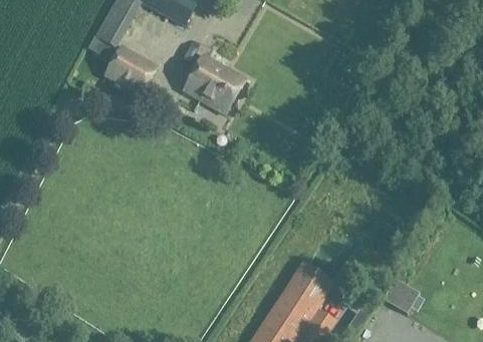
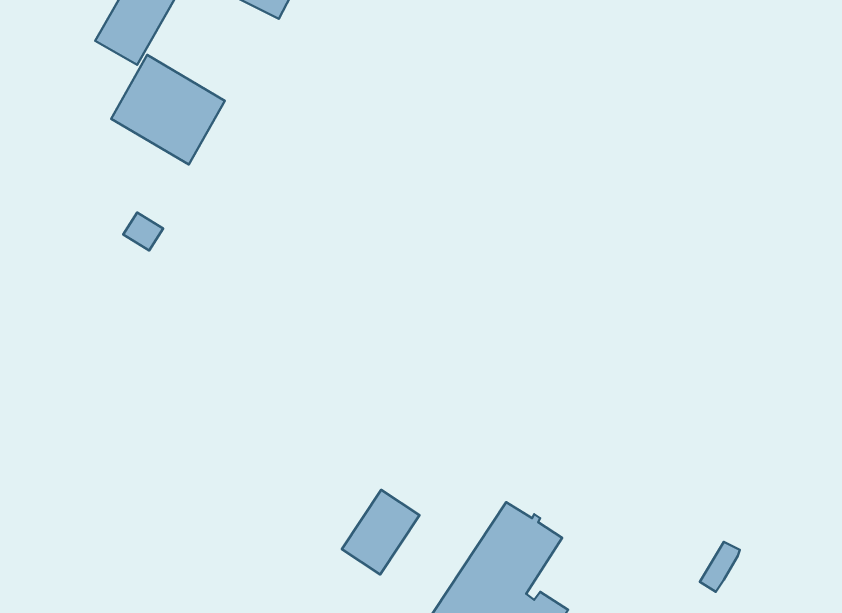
building: [183,56,244,114] -> none
building: none -> [342,490,419,575]

